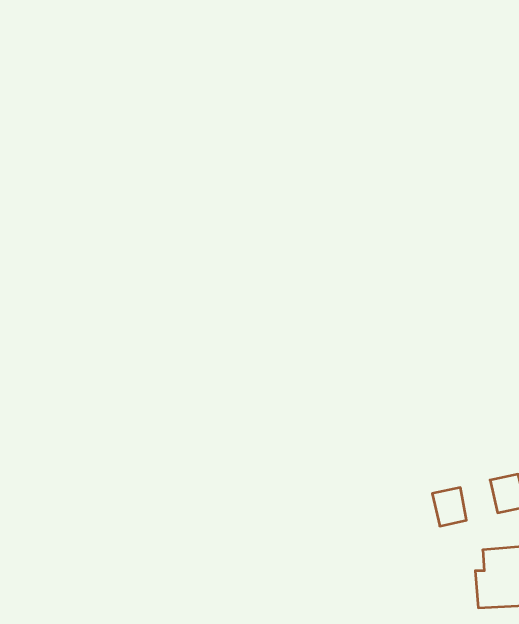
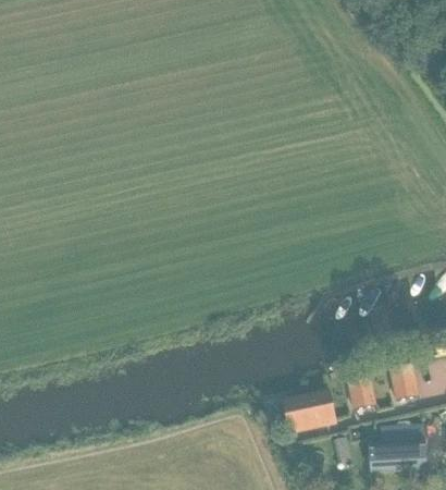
building: none -> [290,389,336,426]

